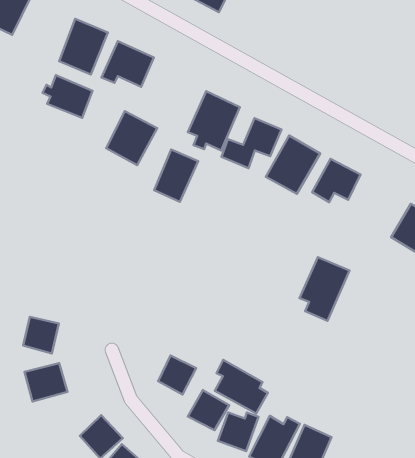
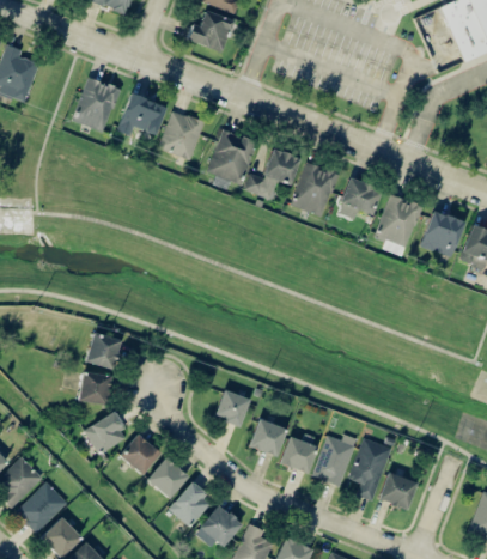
building: [43,75,93,118] -> none
building: [106,111,157,165] -> [159,109,206,159]
building: [154,150,198,202] -> none
building: [300,257,350,321] -> [377,195,421,255]
building: none -> [85,332,123,369]
building: [215,360,268,413] -> none
building: none -> [120,433,160,474]

